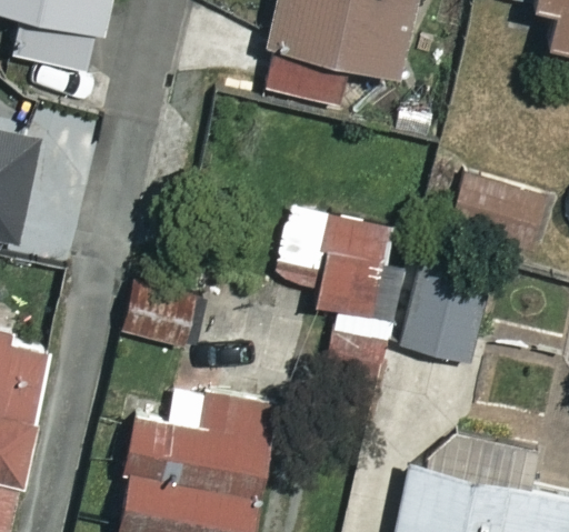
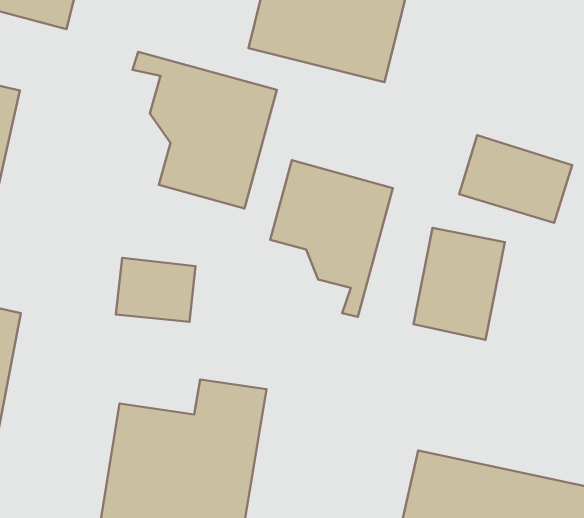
building: none -> [132,52,277,208]

